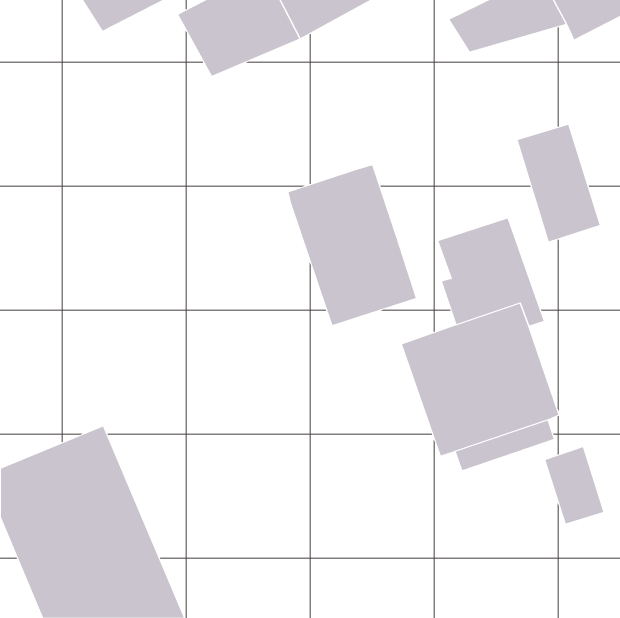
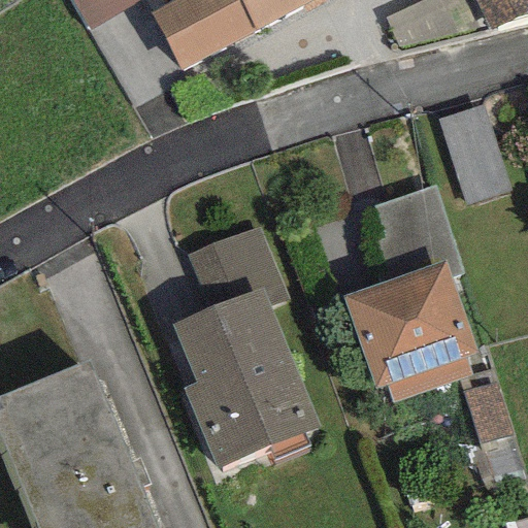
building: [288,164,417,326] -> none
building: none -> [171,226,320,468]

